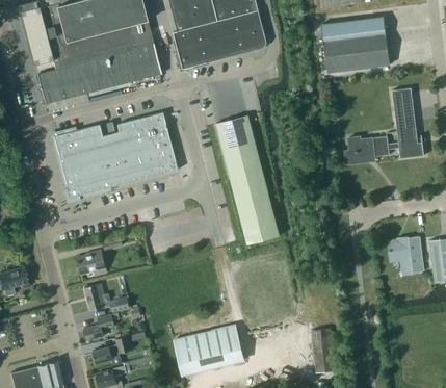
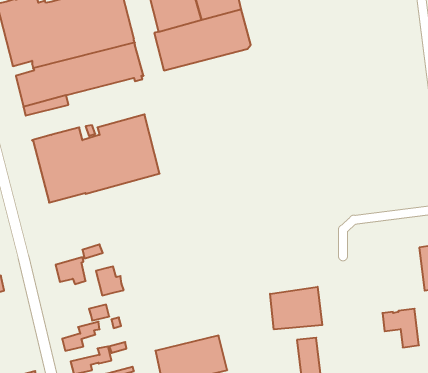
building: [321,17,390,72] -> none
building: [348,87,424,160] -> none
building: [216,114,280,243] -> none
building: [388,236,423,274] -> [382,309,419,347]
building: none -> [270,287,322,329]
building: [84,283,111,311] -> [96,266,124,295]

